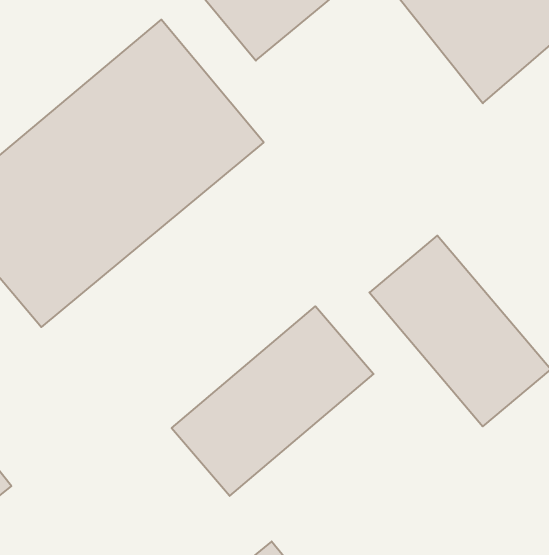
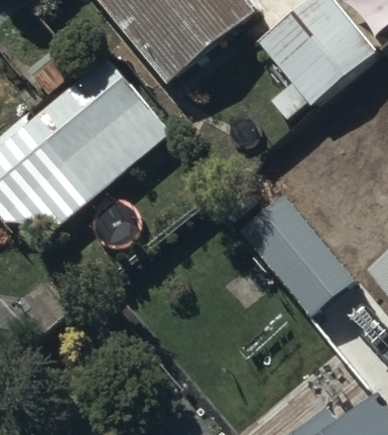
building: [172,306,374,496] -> none

